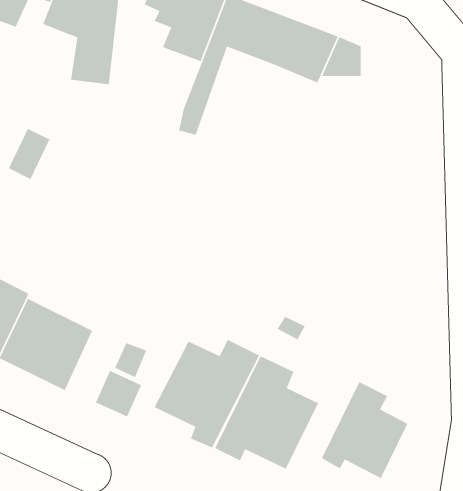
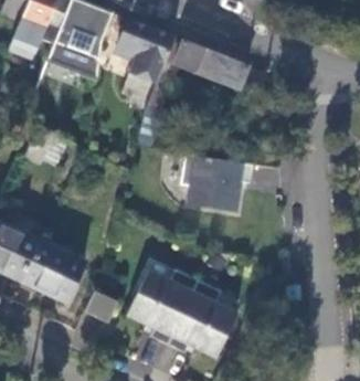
building: none -> [180,154,250,211]
building: [321,381,408,479] -> none

